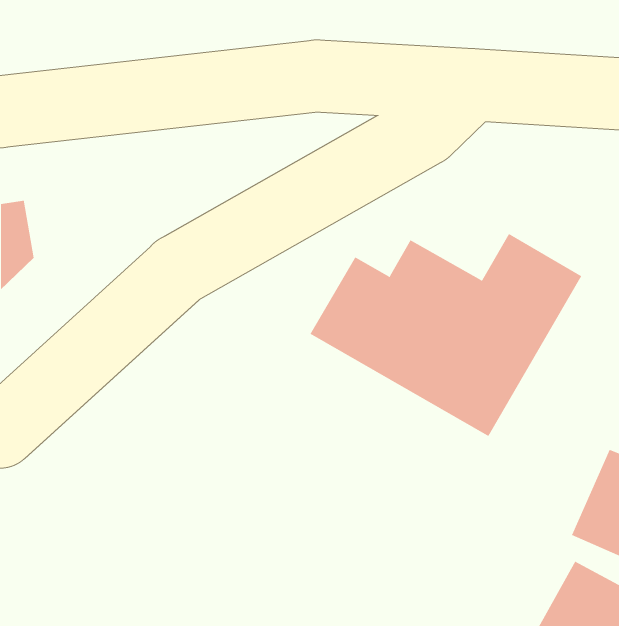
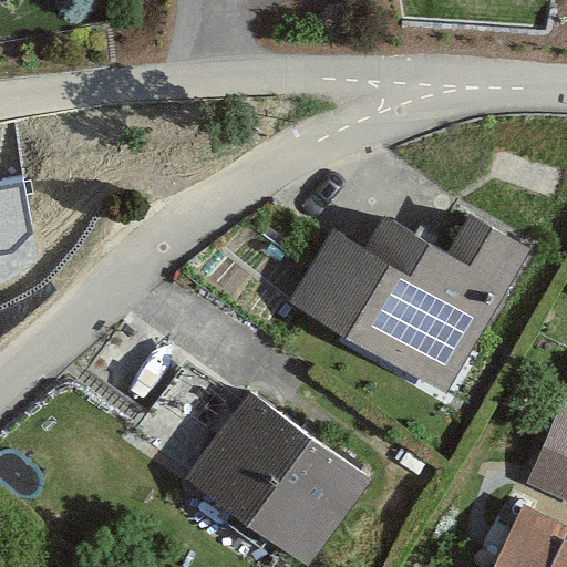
building: none -> [186,394,365,561]

